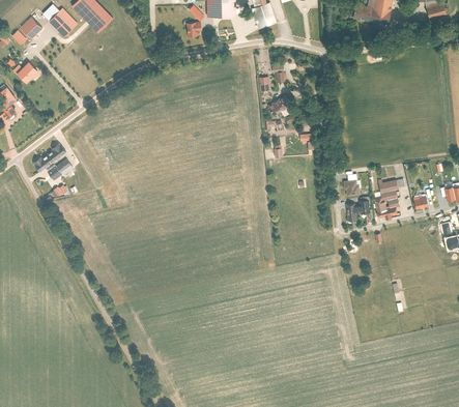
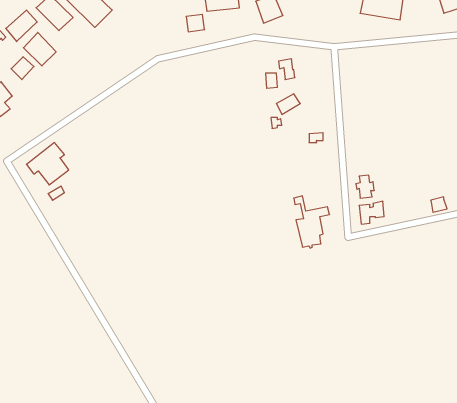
building: none -> [23,32,56,66]
building: [373,168,407,217] -> [294,196,330,248]

